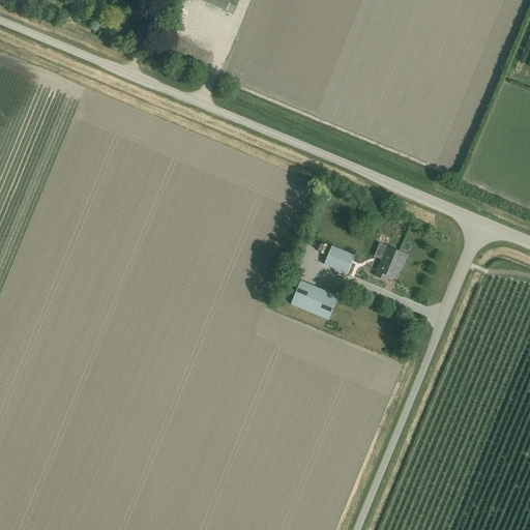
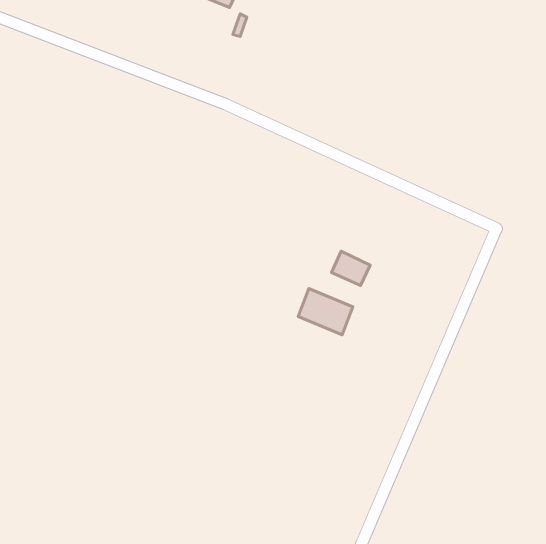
building: [373,243,405,277] -> none

